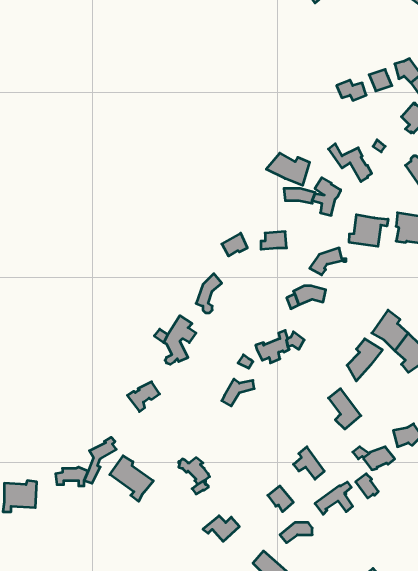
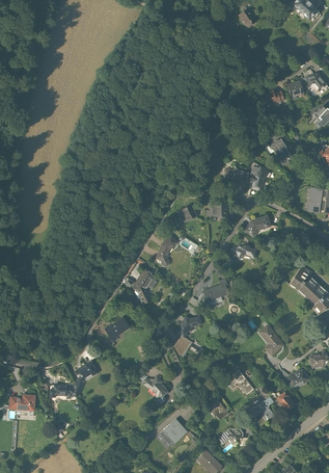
building: [266,153,310,185] -> none
building: [349,215,388,246] -> none
building: [347,339,382,381] -> none
building: [110,456,153,501] -> none

